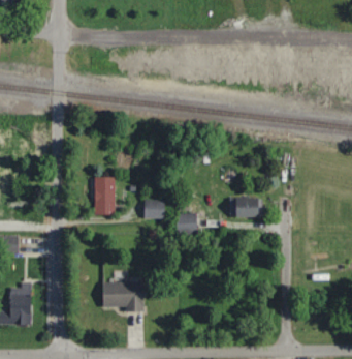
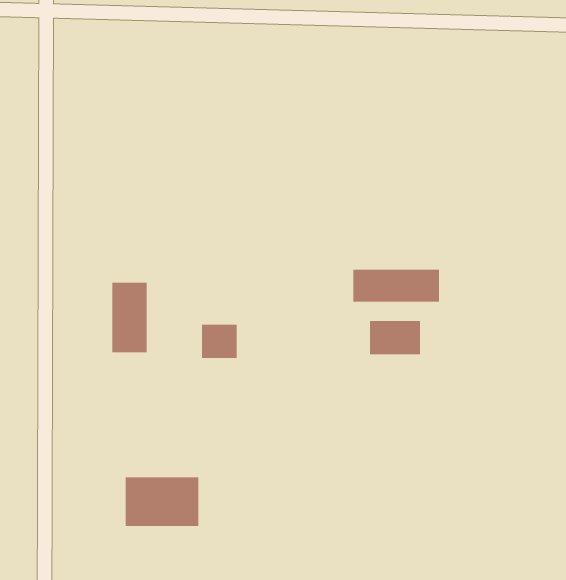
building: none -> [353,269,440,303]
building: [177,213,197,235] -> none

